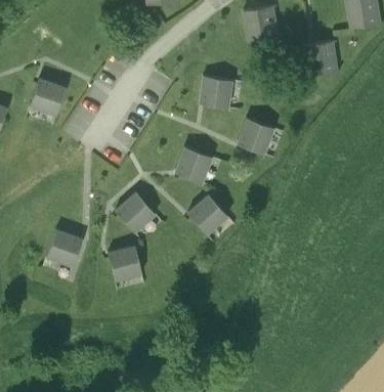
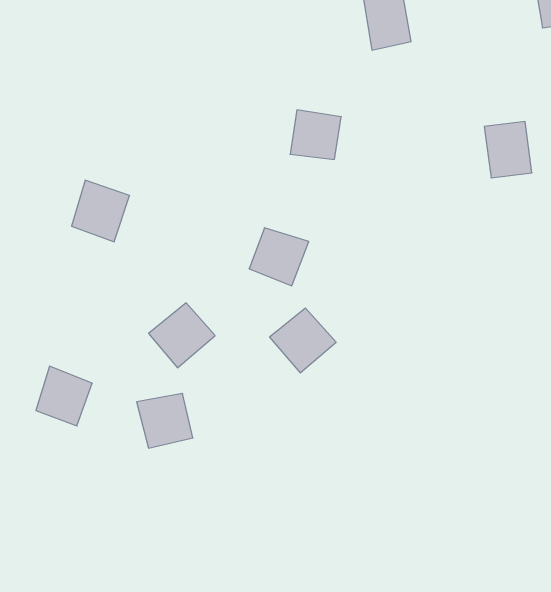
building: [304,41,333,75] -> [484,122,532,178]
building: [31,78,66,115] -> [72,180,130,242]
building: [239,119,272,154] -> none

